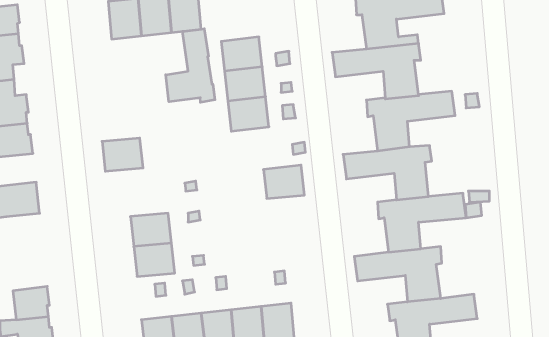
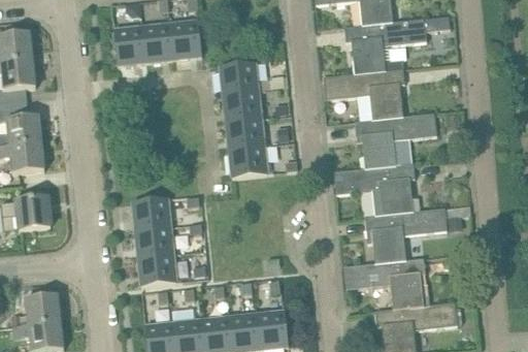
building: [166,29,215,102] -> none
building: [102,138,143,171] -> [132,198,170,229]
building: [263,165,304,198] -> [229,146,267,177]

